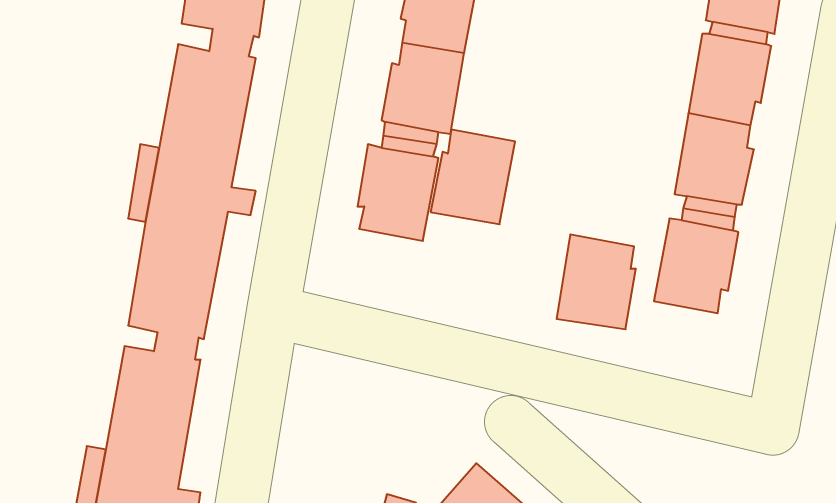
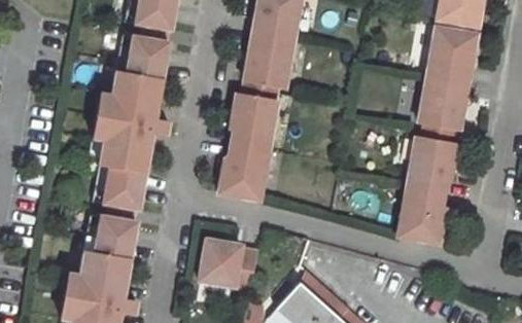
building: [431,129,515,224] -> [218,144,269,201]
building: [557,234,636,329] -> [398,187,446,244]
building: none -> [200,240,258,290]

